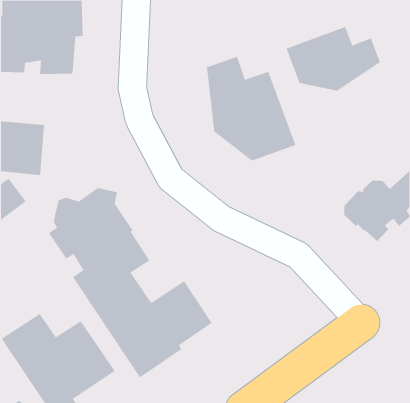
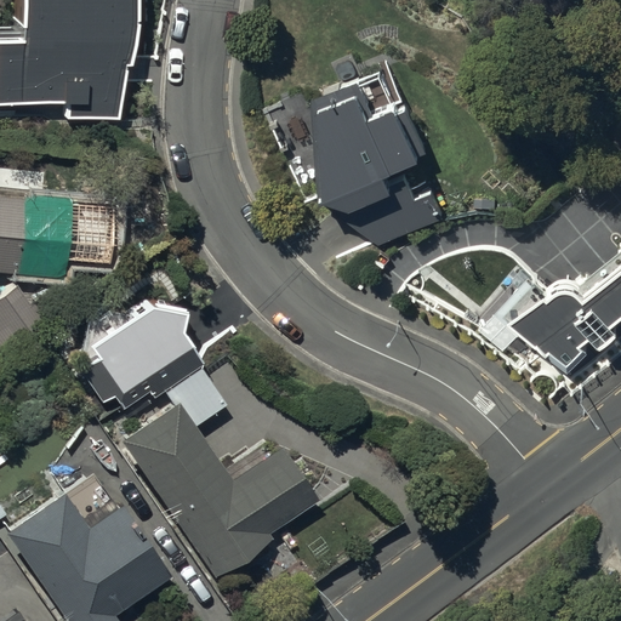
building: [286,26,381,91] -> none

